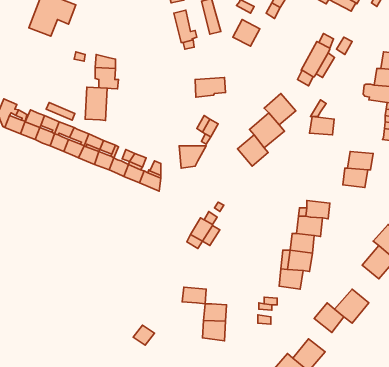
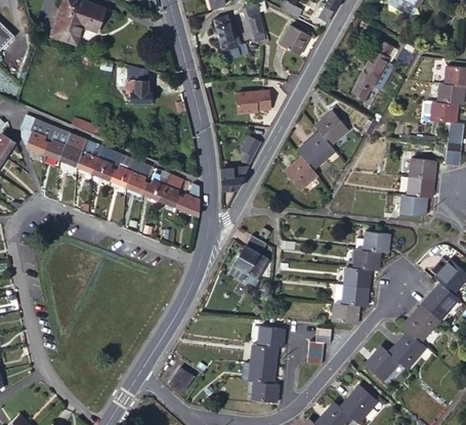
building: [85,87,107,120] -> none
building: [309,116,334,135] -> [410,155,437,175]
building: none -> [406,299,441,336]
building: [182,287,206,304] -> [256,326,283,344]
building: none -> [253,381,279,399]

